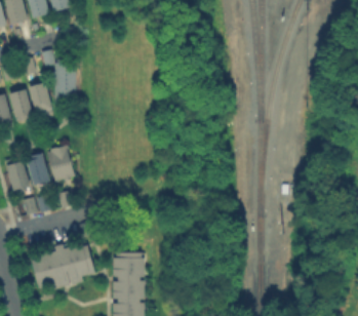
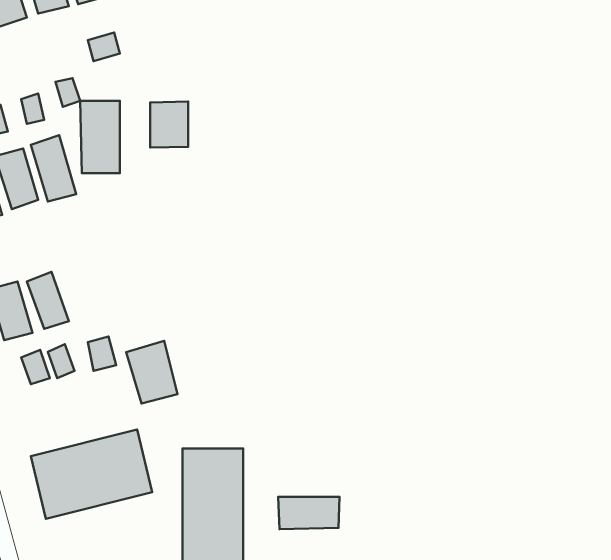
building: none -> [150,102,188,148]
building: [46,148,74,182] -> [126,341,177,404]
building: none -> [278,497,340,529]

